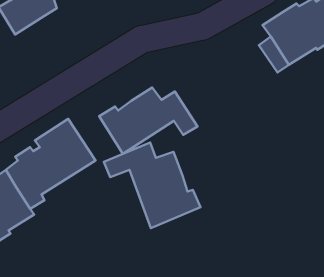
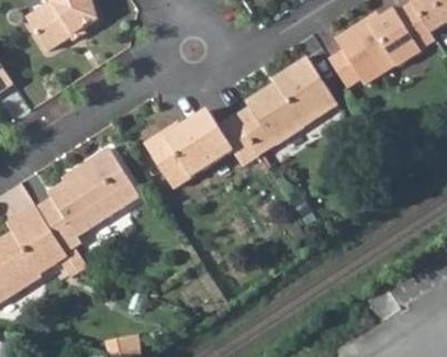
building: none -> [233,56,337,155]
building: [104,143,200,228] -> none

